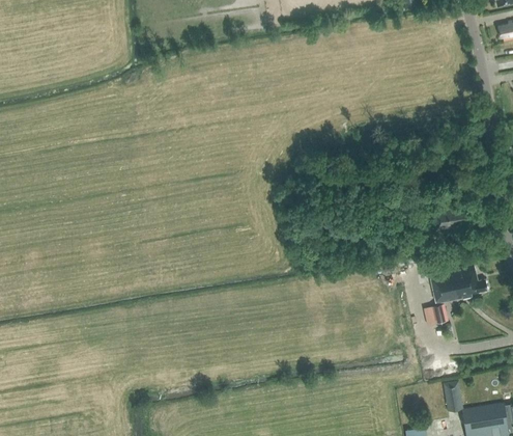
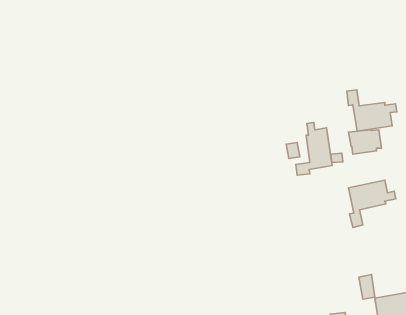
building: none -> [347,90,397,131]
building: none -> [296,123,332,175]

